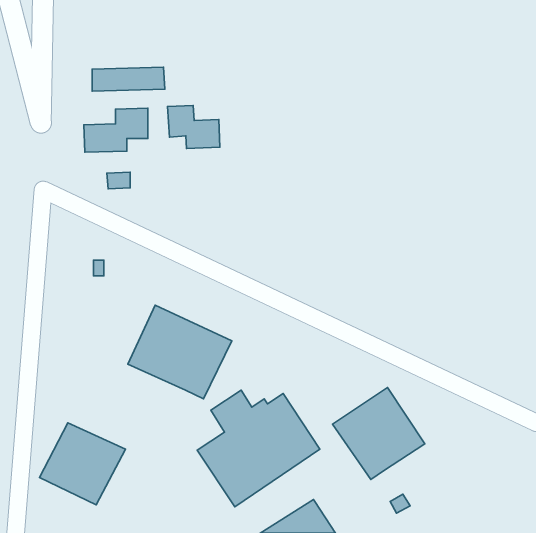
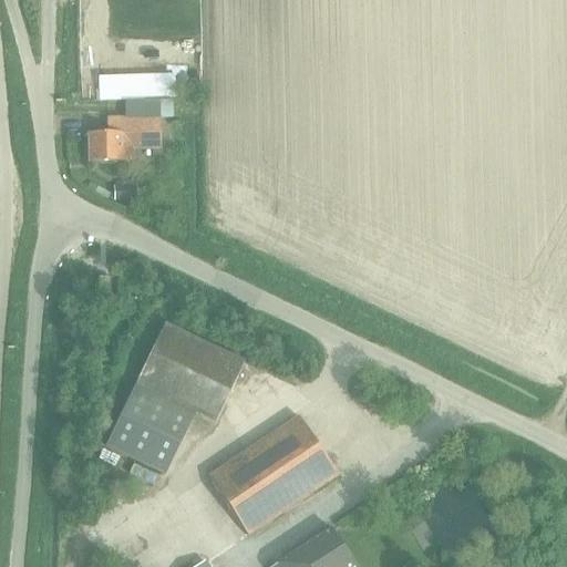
building: [168,106,220,149] -> none
building: [333,388,425,479] -> none
building: [40,423,126,505] -> [105,384,196,471]

